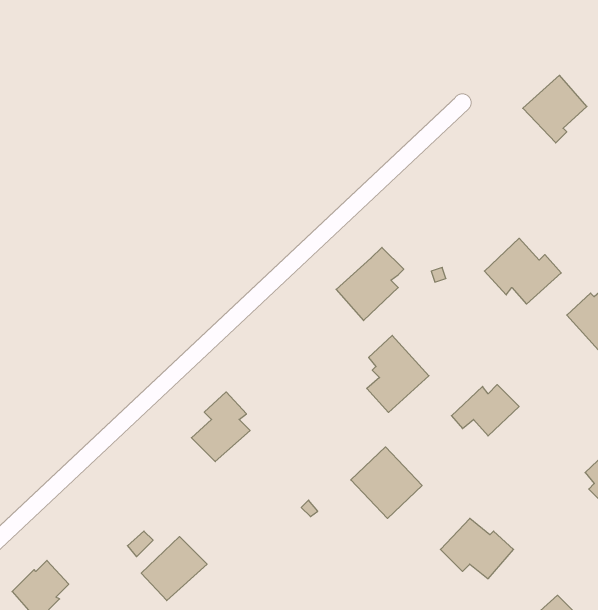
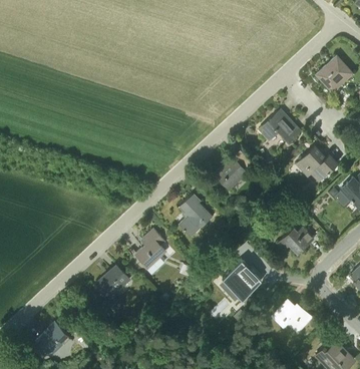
building: none -> [258,109,300,142]
building: [367,335,429,412] -> [177,195,212,237]
building: [141,537,207,601] -> [94,265,130,300]

